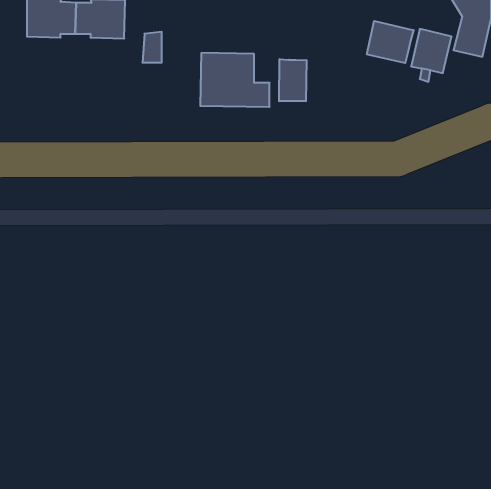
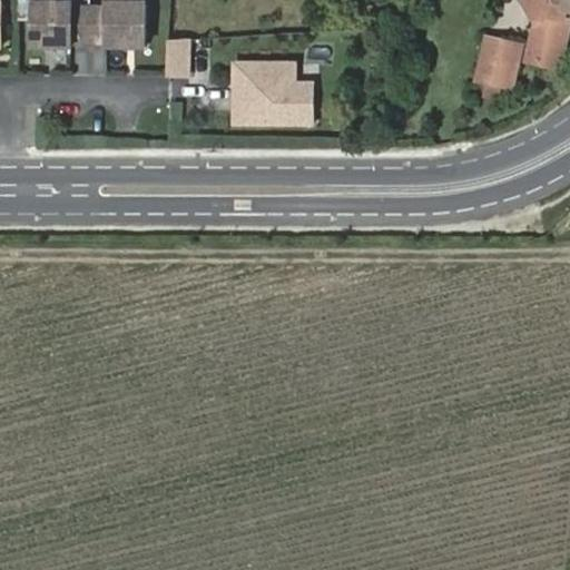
building: [367,21,414,63] -> none
building: [279,59,306,101] -> none

